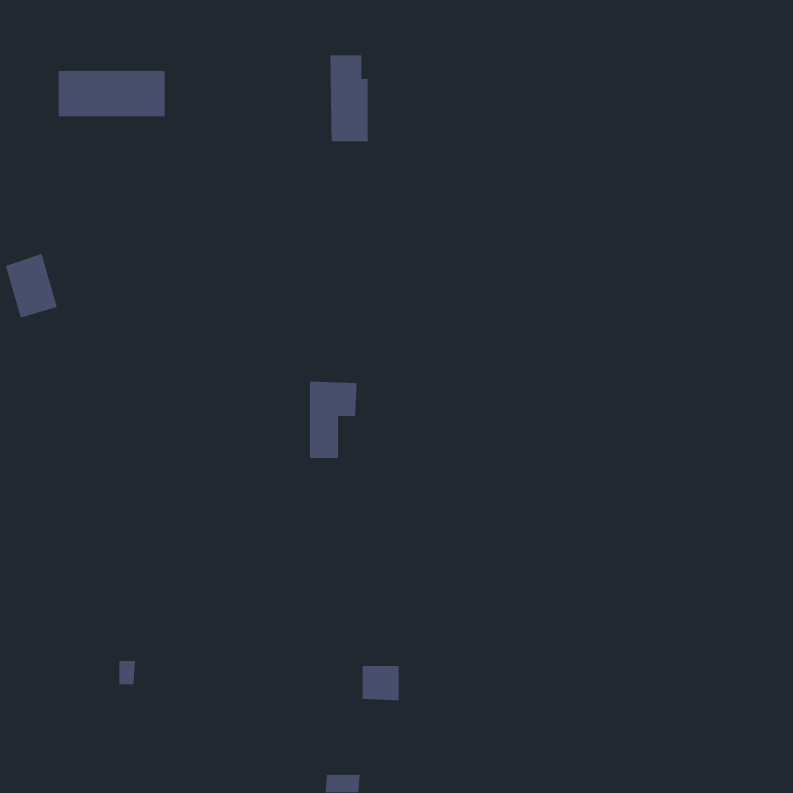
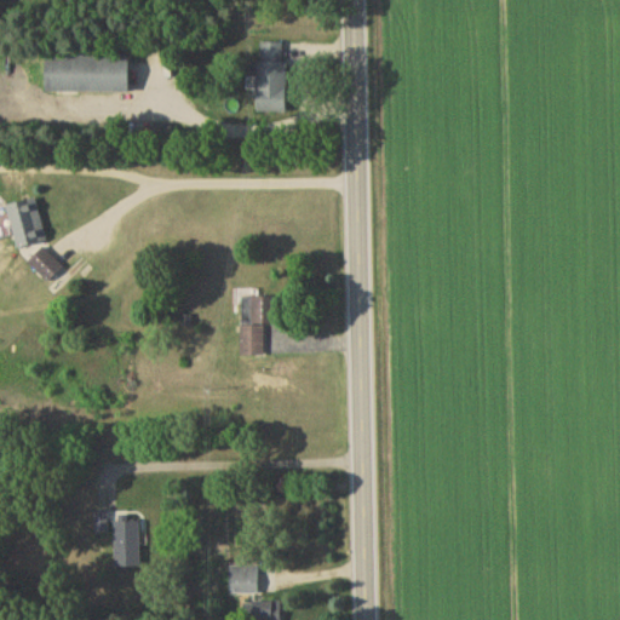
building: none -> [28,247,62,282]
building: [362,665,399,701] -> [228,566,257,593]
building: none -> [114,521,138,567]

